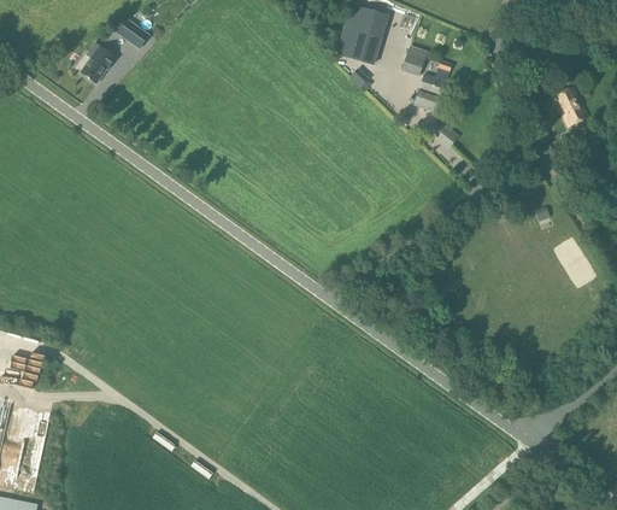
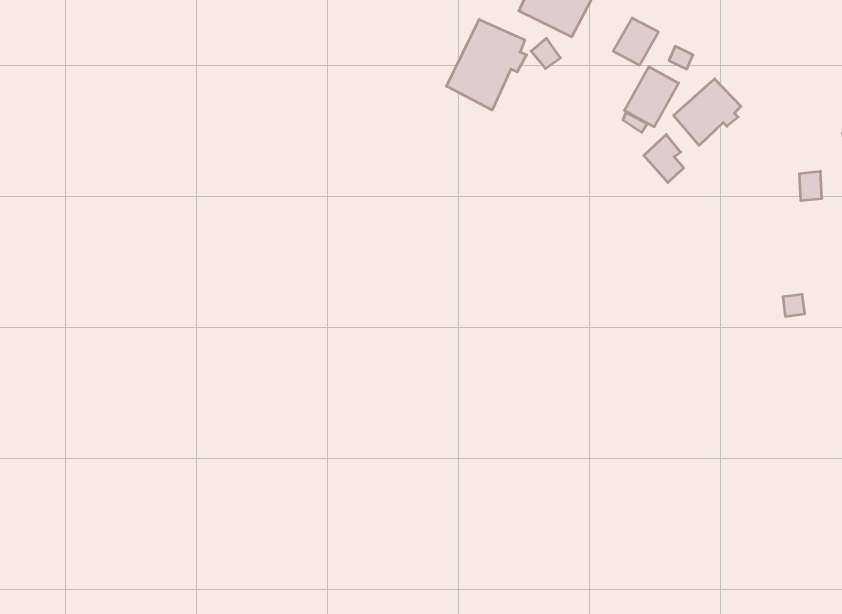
building: none -> [446,19,527,110]
building: none -> [674,79,741,145]

